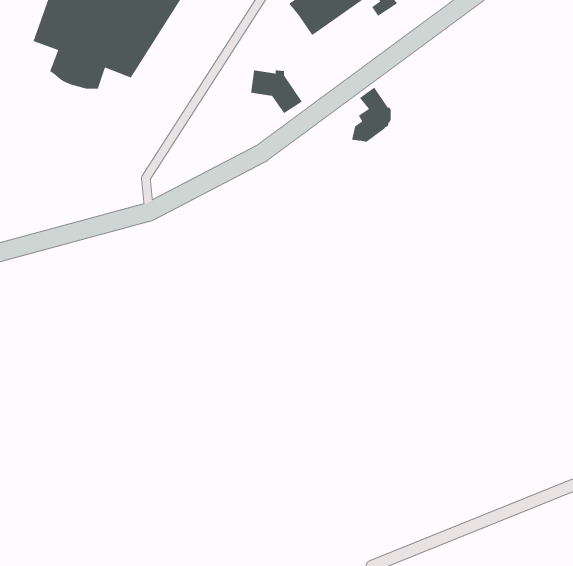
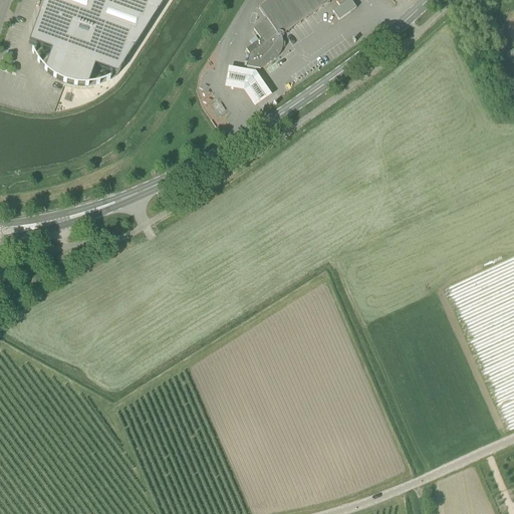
building: [351,87,391,143] -> [246,14,282,64]

